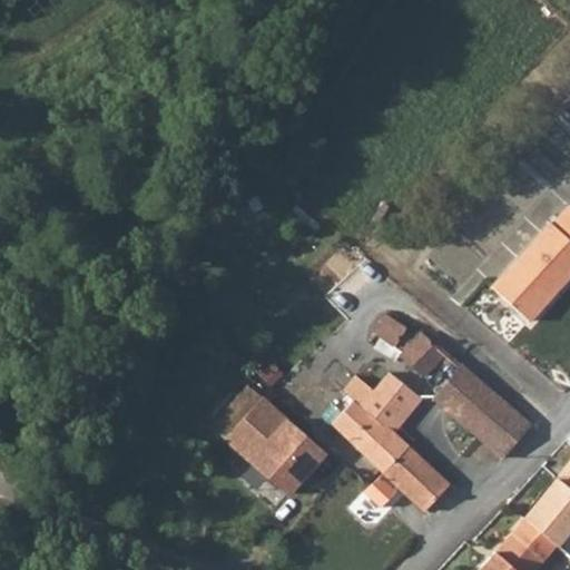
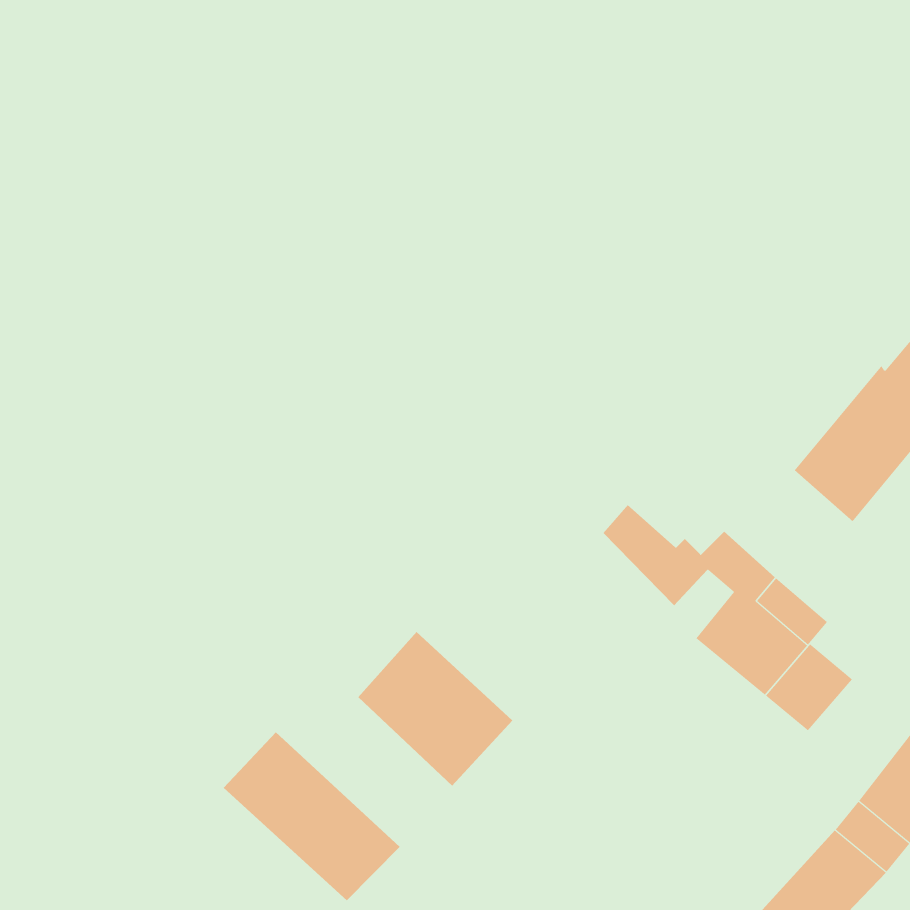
building: [322,373,450,512] -> none
building: none -> [223,731,400,901]

